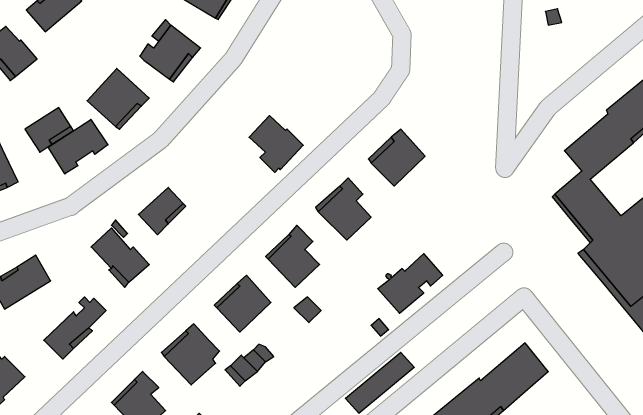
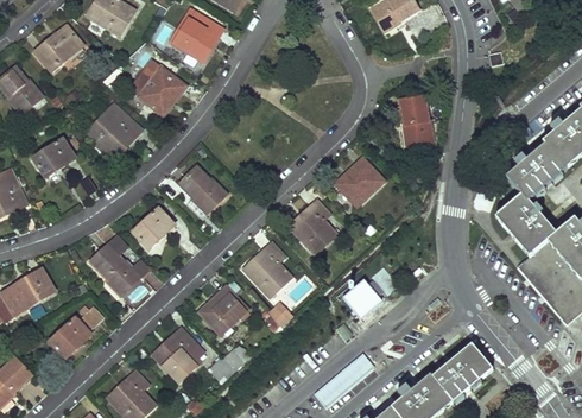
building: none -> [399,96,434,145]
building: [249,116,303,172] -> [178,165,226,215]
building: [48,119,108,174] -> none

